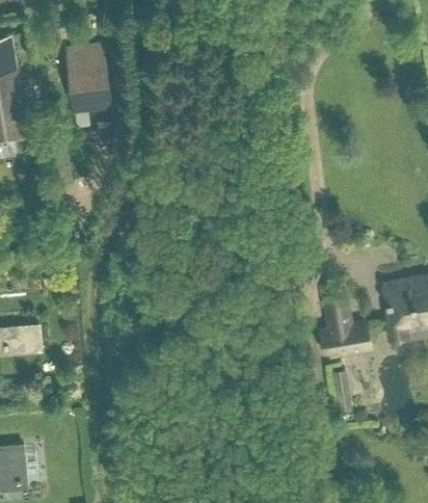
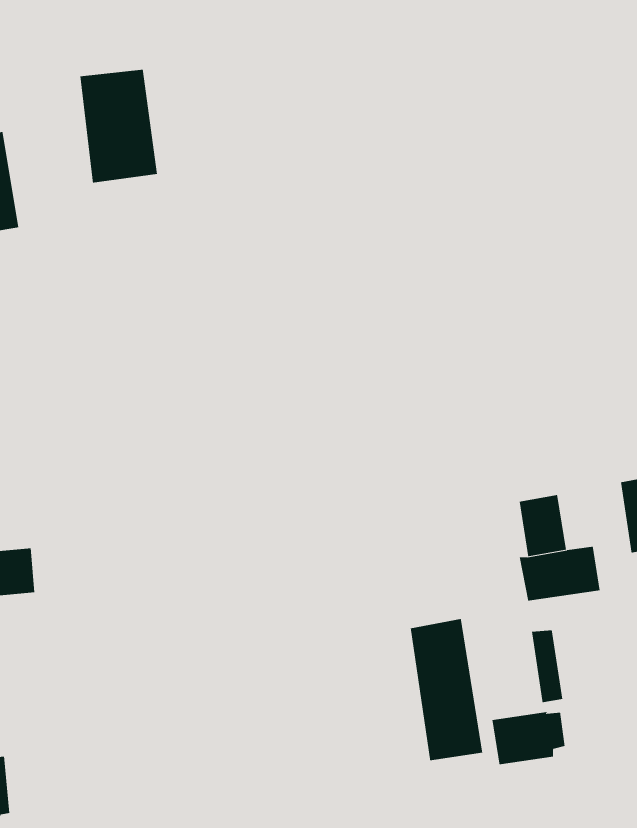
building: none -> [410,618,483,761]
building: none -> [492,711,565,765]

